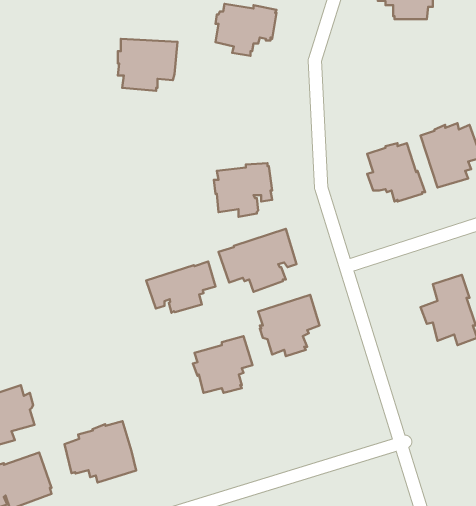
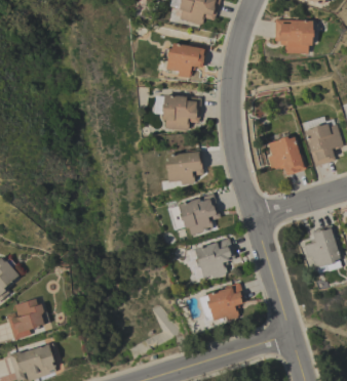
building: [118,39,177,91] -> [161,95,201,130]
building: [146,261,216,313] -> none
building: [193,336,253,393] -> [205,283,245,321]
building: [64,421,136,482] -> none

